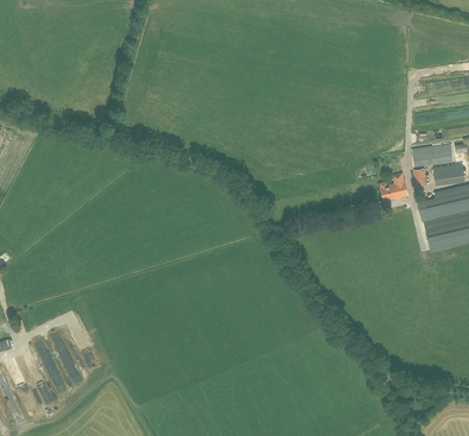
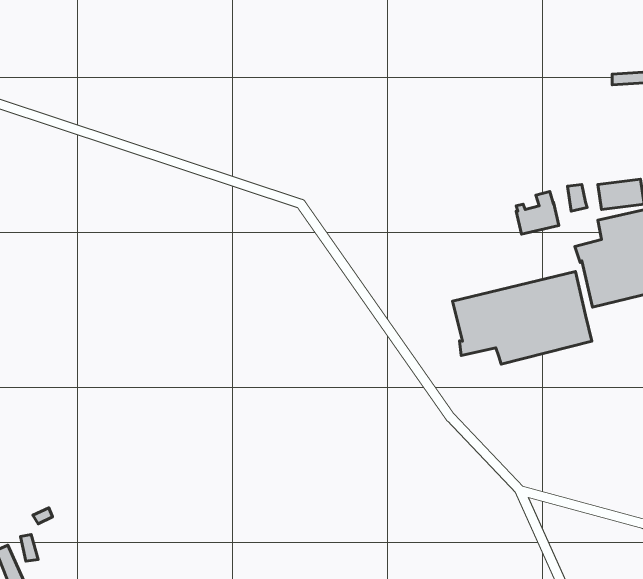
building: [411,144,452,165] -> none
building: none -> [452,272,592,364]

